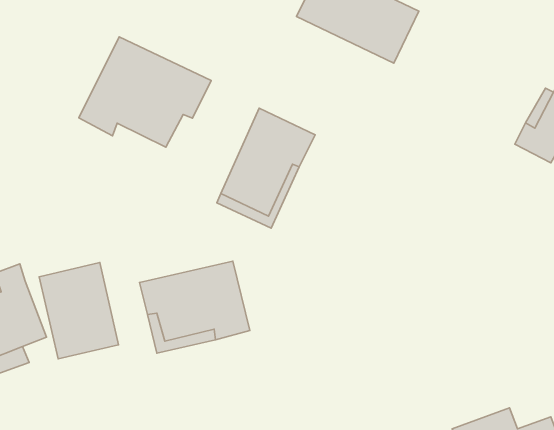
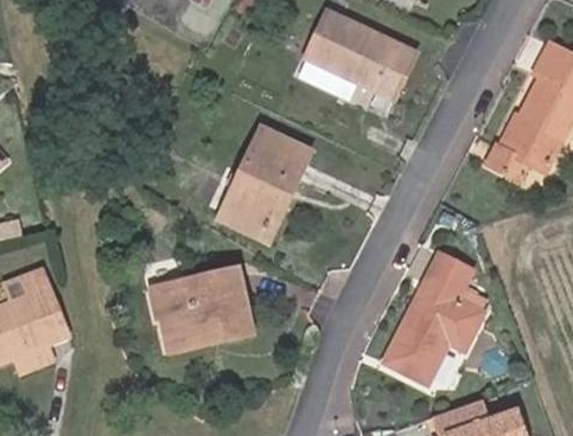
building: [79,37,211,147] -> none
building: none -> [383,254,484,383]
building: [39,263,118,359] -> none

